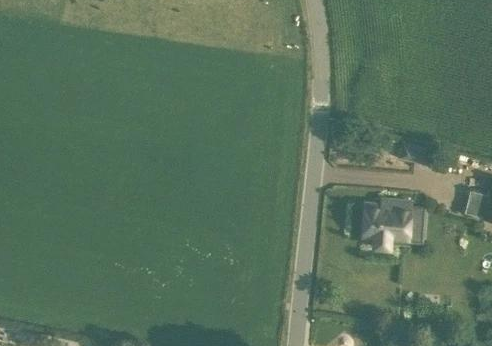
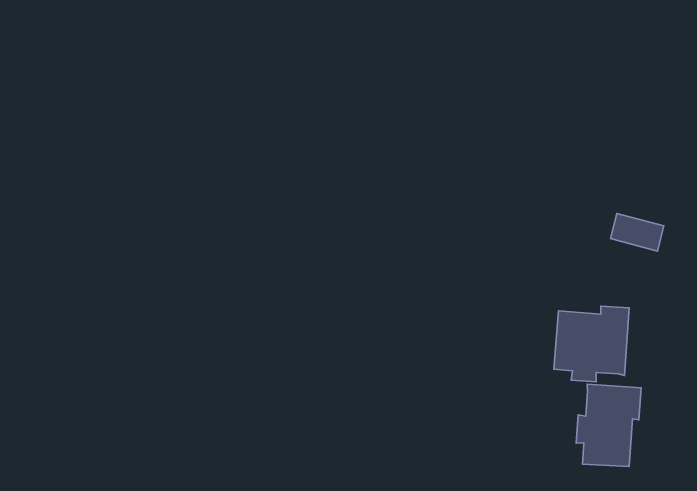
building: none -> [576,384,641,467]

